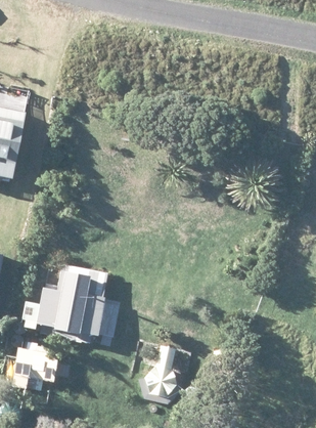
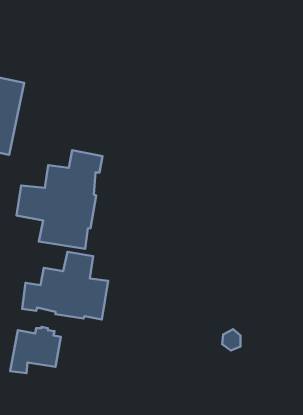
building: none -> [16,150,102,249]
building: [141,345,188,402] -> none

